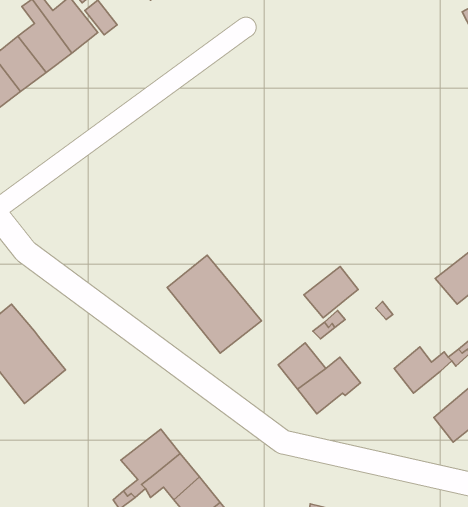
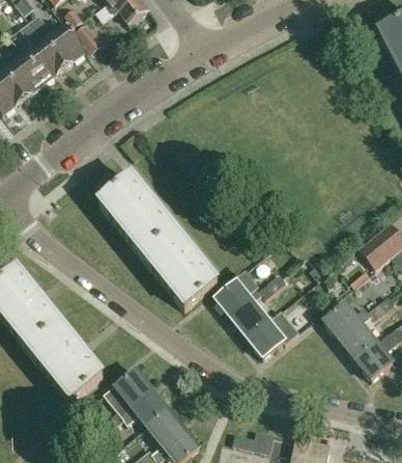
building: none -> [98,174,174,254]
building: [304,266,358,318] -> [216,275,259,317]
building: none -> [27,321,103,401]
building: none -> [340,322,377,359]

